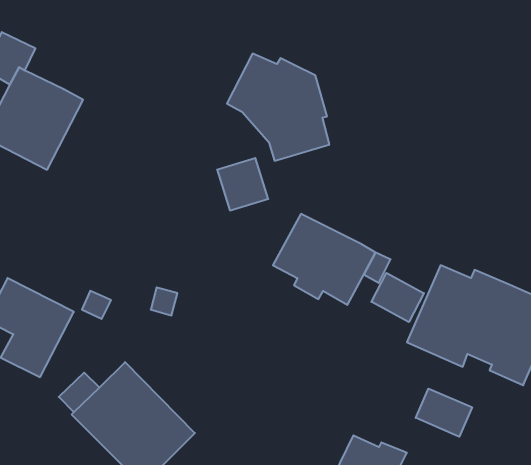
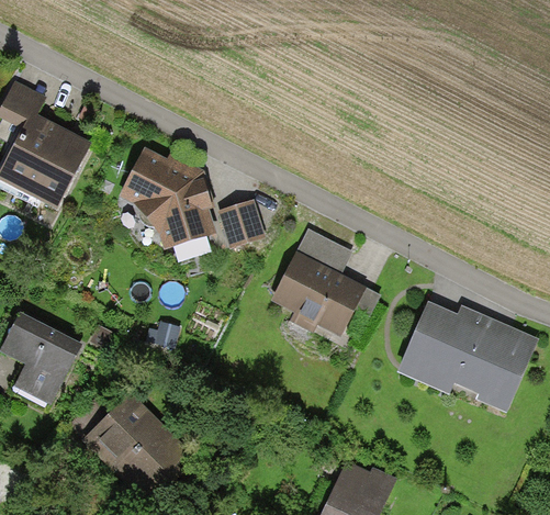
building: [227,54,329,161] -> [119,148,215,249]
building: none -> [296,227,352,273]
building: [371,273,424,322] -> none
building: [416,389,472,437] -> none

